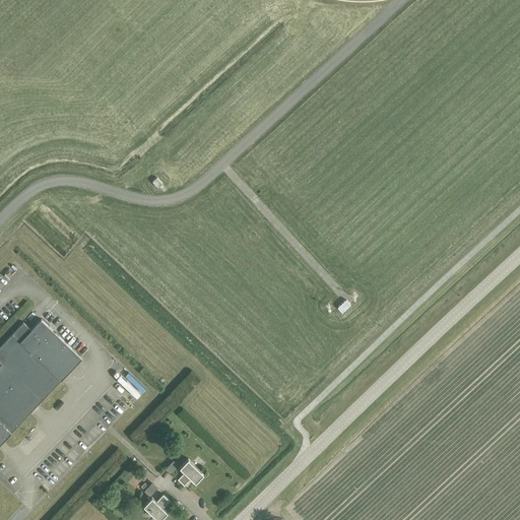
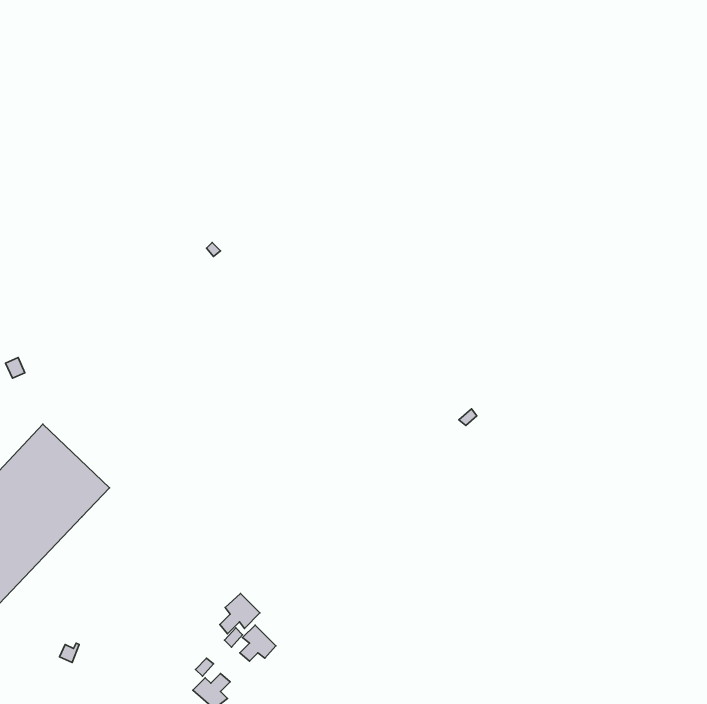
building: none -> [220,594,260,634]

